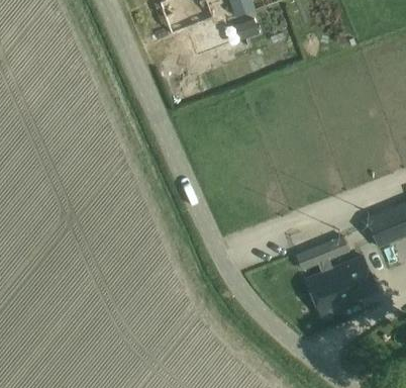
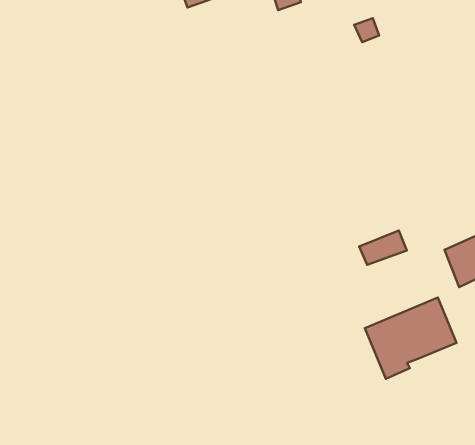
building: [312,237,348,264] -> [359,230,407,265]

